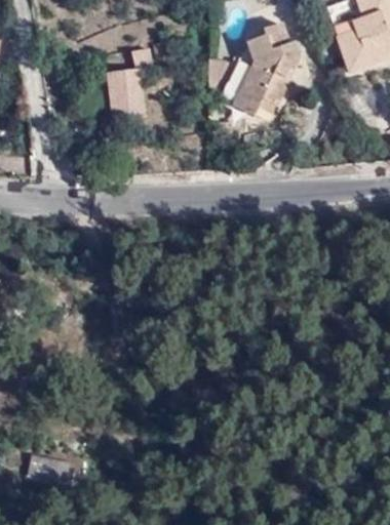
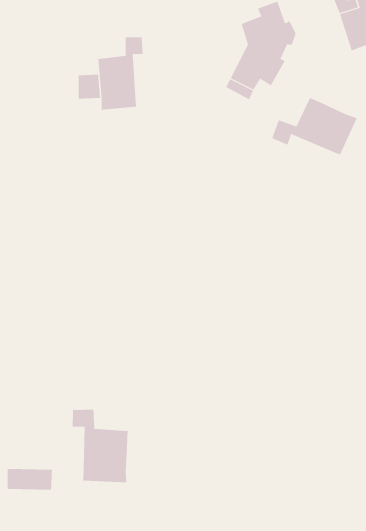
building: none -> [271,97,358,156]
building: none -> [72,409,128,483]

